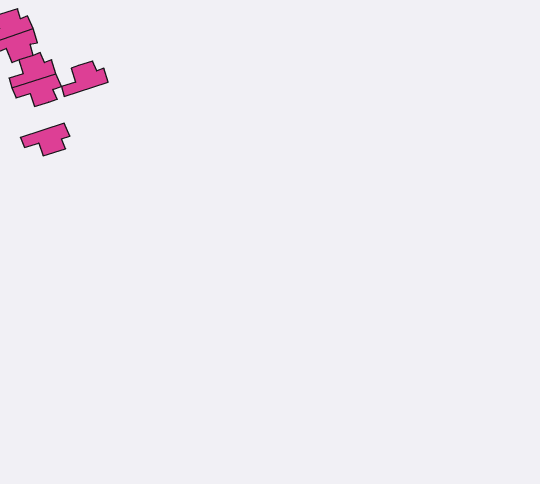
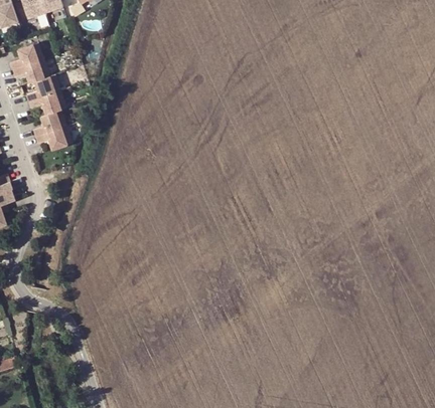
building: [61,61,108,96] -> [33,111,66,136]

